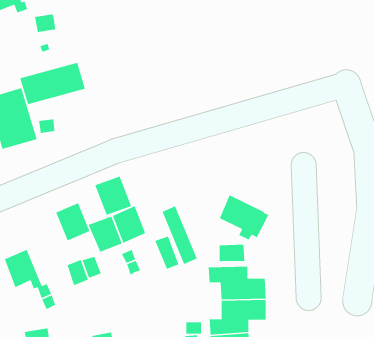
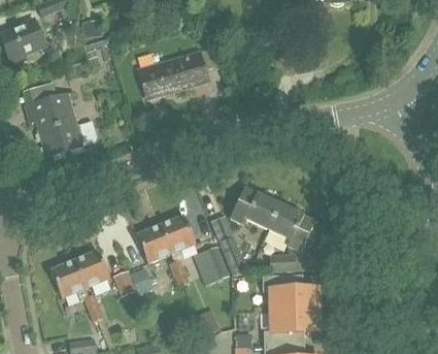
building: [19,62,86,105] -> [139,52,207,96]
building: [94,176,132,216] -> none
building: none -> [230,187,278,227]
building: [55,202,90,241] -> [72,248,108,288]

